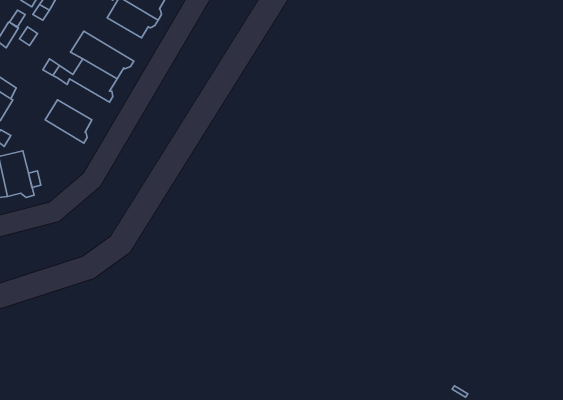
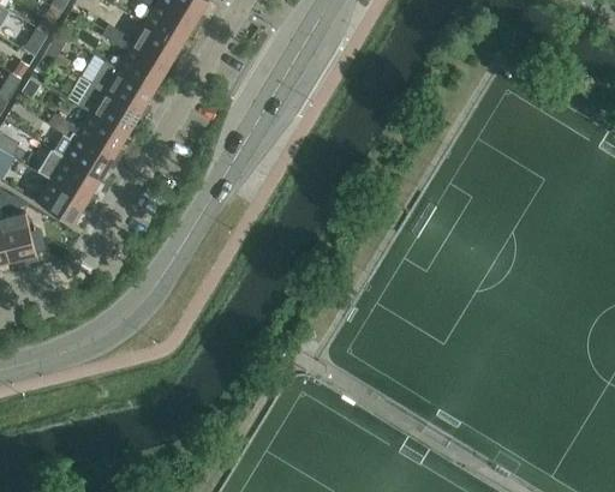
building: none -> [91,60,154,115]
building: none -> [53,133,119,179]
building: none -> [35,179,91,224]

